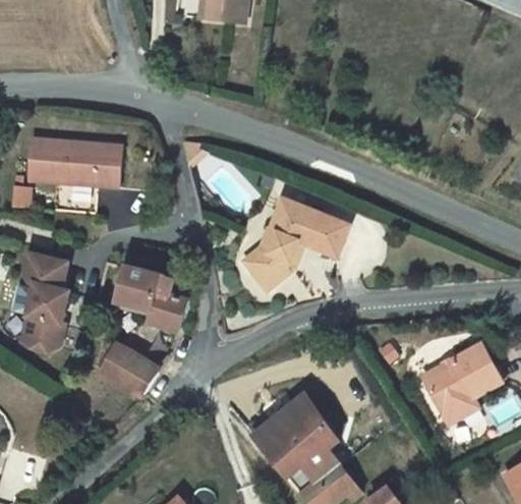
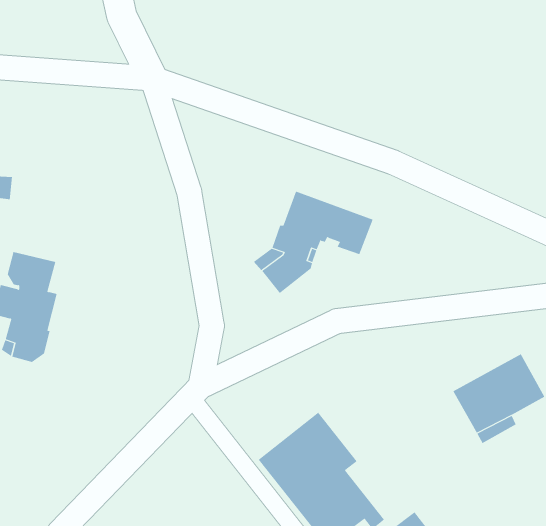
building: [28,138,122,186] -> none
building: [109,262,187,333] -> none
building: [94,341,161,397] -> none

